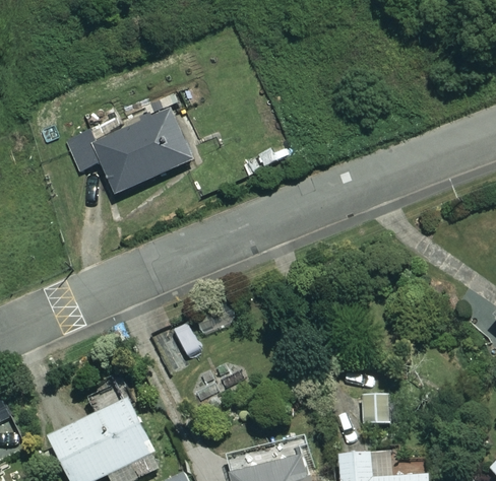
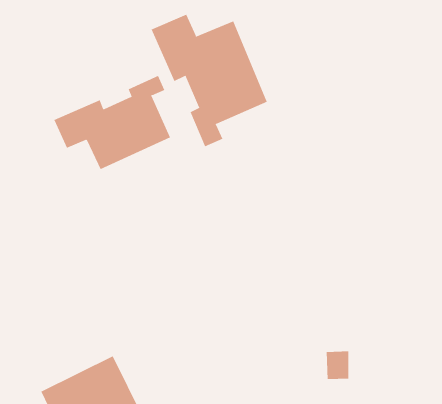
building: none -> [151,14,268,147]

